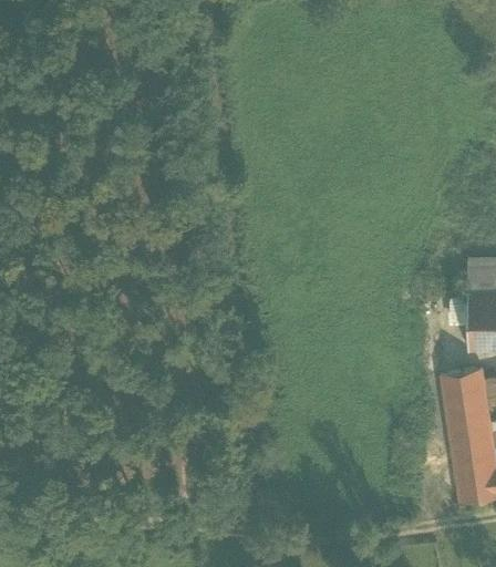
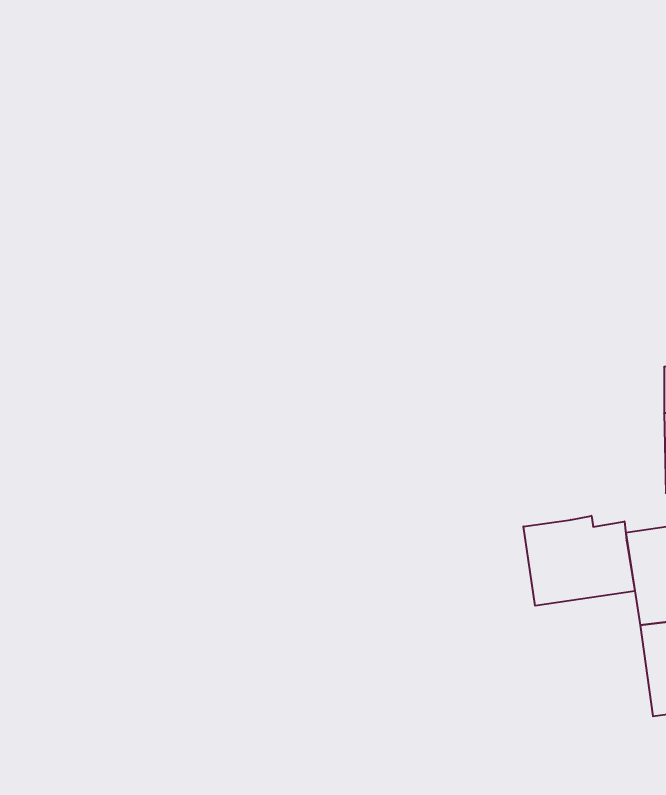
building: none -> [523,516,635,606]

